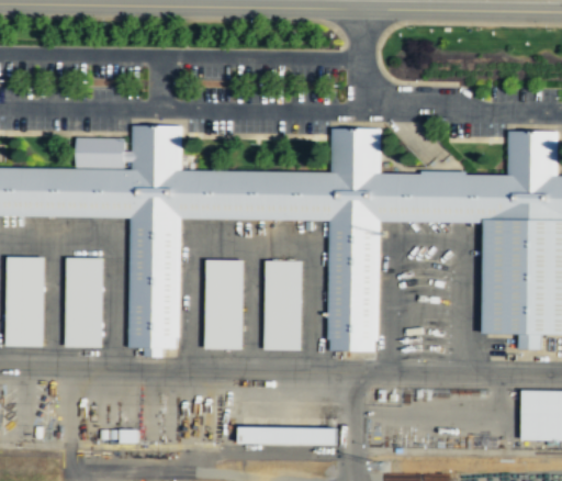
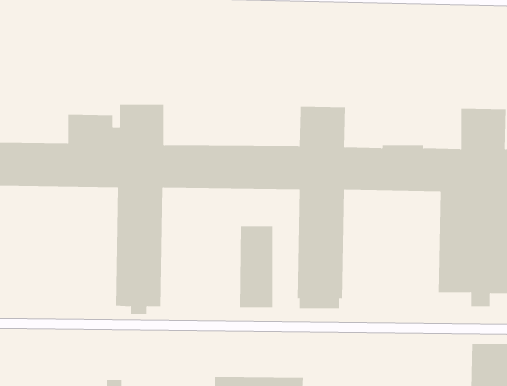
building: [5,258,43,347] -> none
building: [65,258,102,348] -> none
building: [205,260,243,349] -> none

